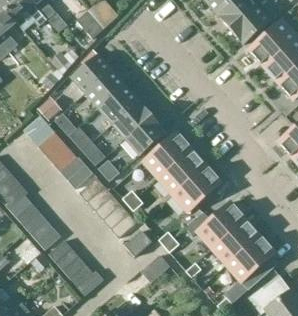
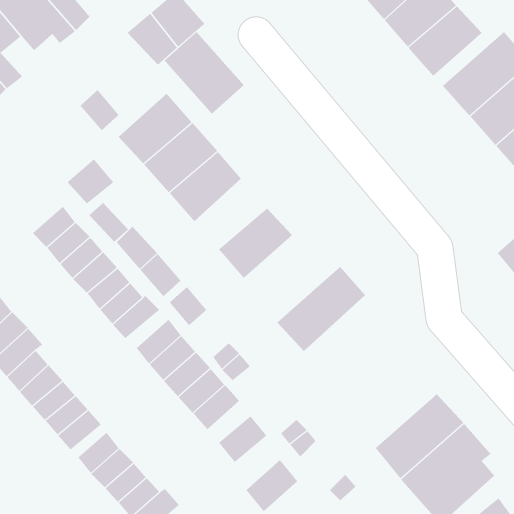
building: none -> [164,31,244,114]
building: [112,100,152,139] -> none
building: [142,131,192,179] -> none
building: [172,164,221,212] -> none
building: [185,201,245,248] -> none

